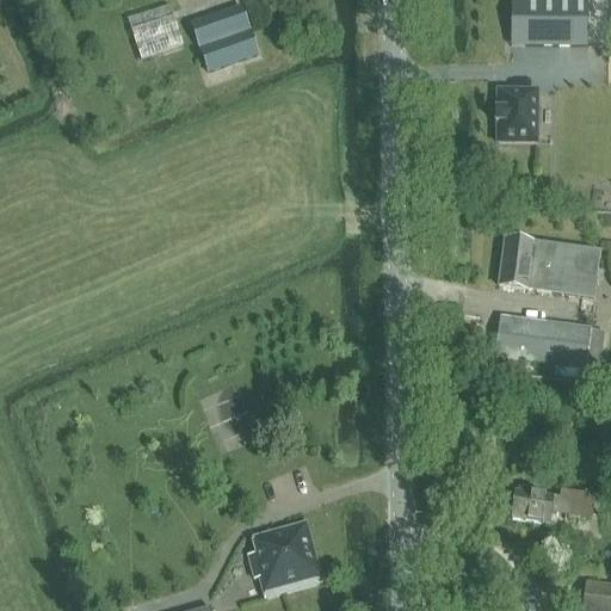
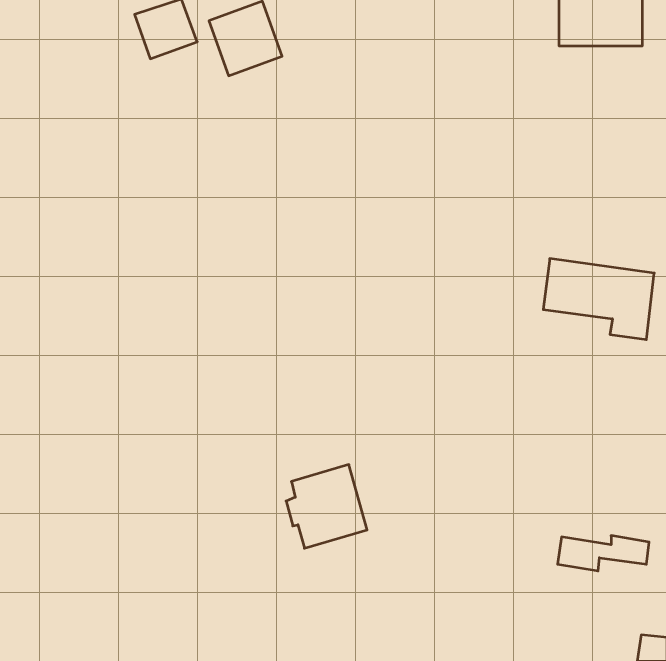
building: [494,81,536,134] -> none
building: [498,315,590,364] -> none
building: [249,519,323,595] -> [286,465,367,548]

